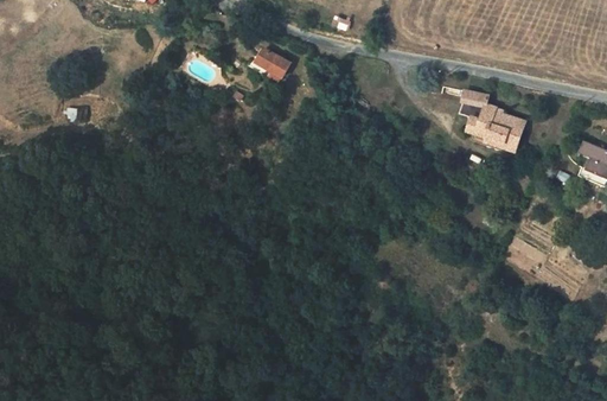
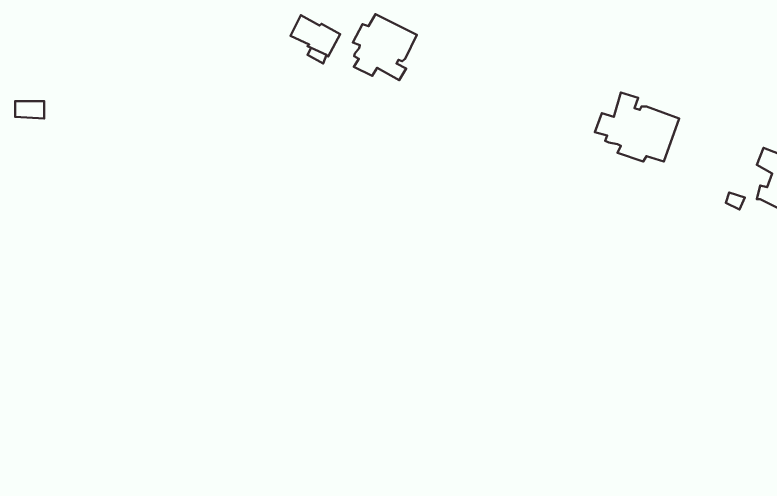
building: none -> [353,14,417,80]
building: [445,85,485,117] -> none

